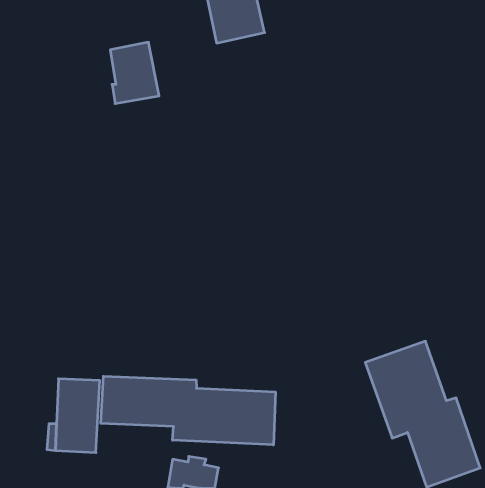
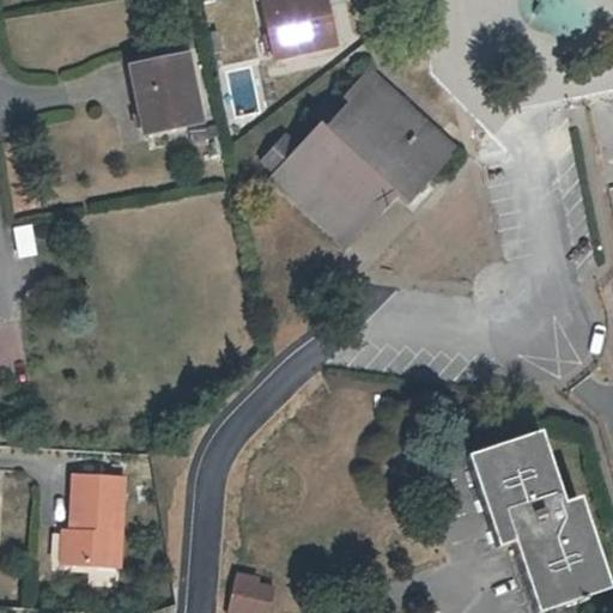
building: none -> [263,72,457,242]
building: [101,376,275,445] -> none

